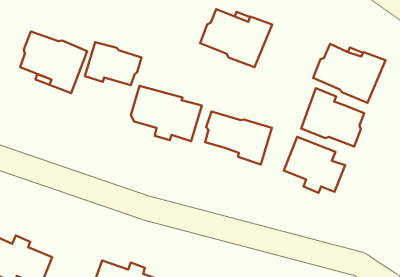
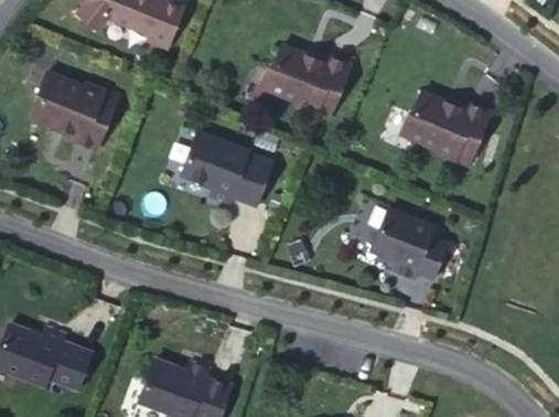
building: [85,42,141,85] -> none
building: [301,88,364,146] -> none
building: [205,112,272,164] -> none

